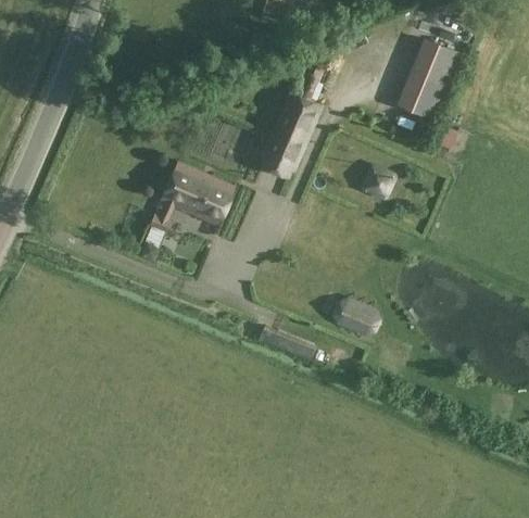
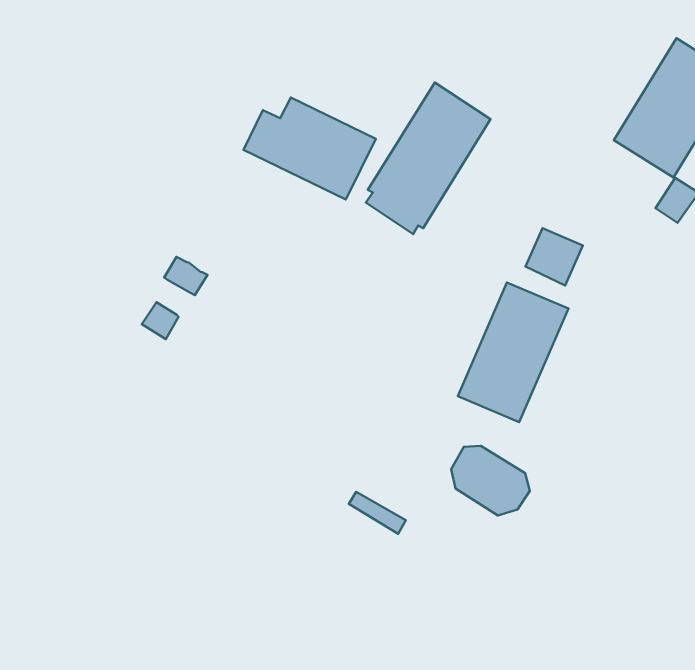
building: [159,162,231,225] -> none
building: none -> [458,283,568,422]

